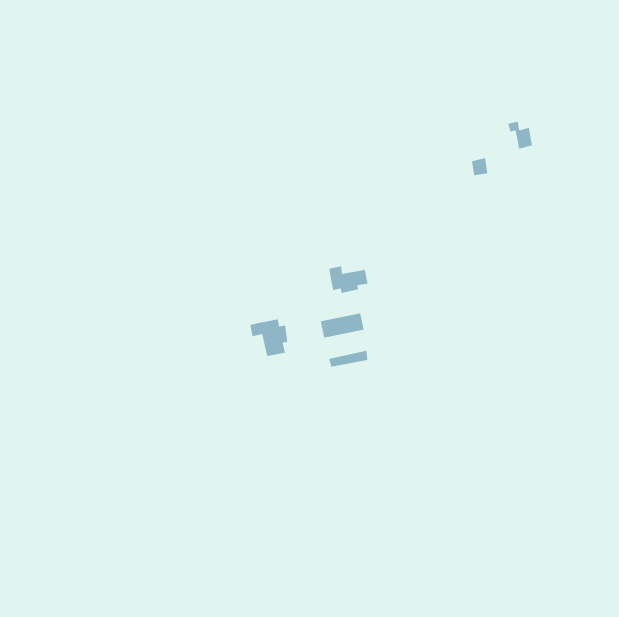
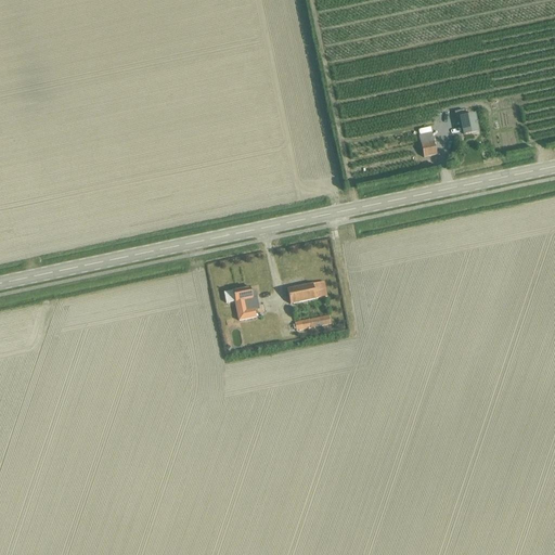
building: [329,266,368,294] -> none

